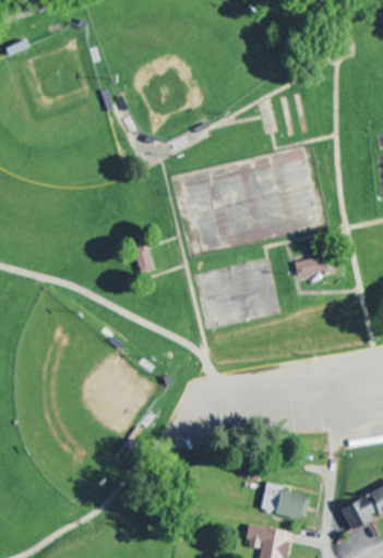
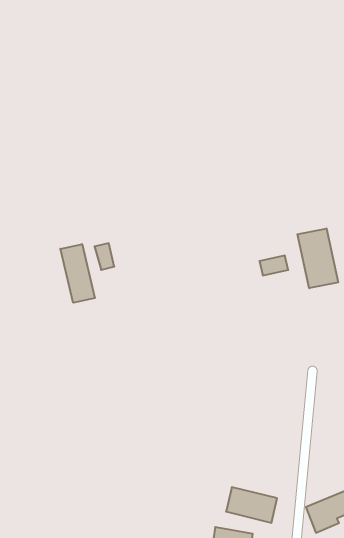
building: none -> [297,228,338,288]
building: none -> [60,244,95,303]

